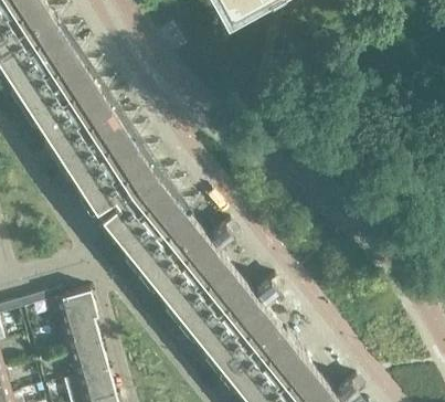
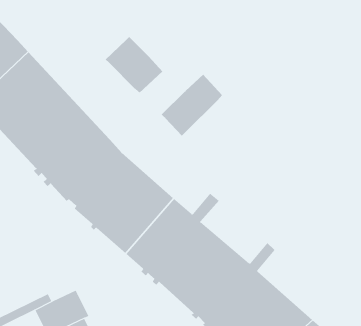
building: none -> [105,36,163,94]
building: none -> [161,74,223,137]

